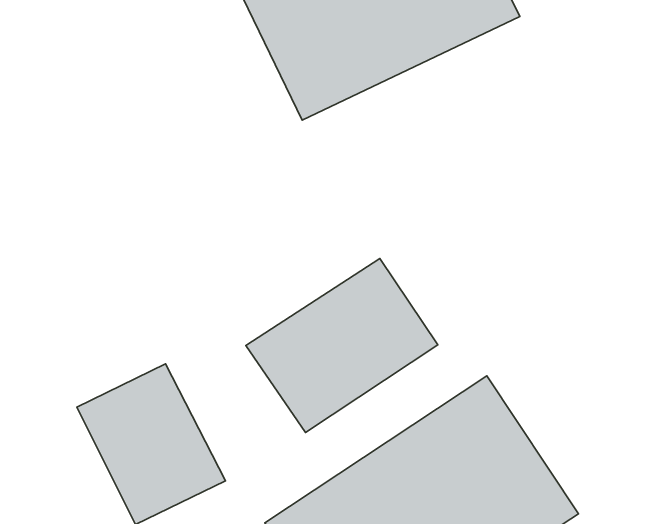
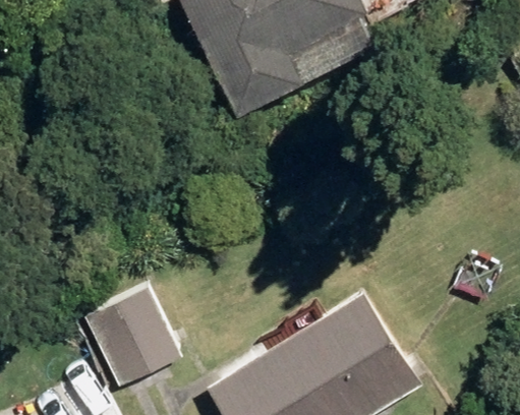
building: [246,258,438,432] -> none

